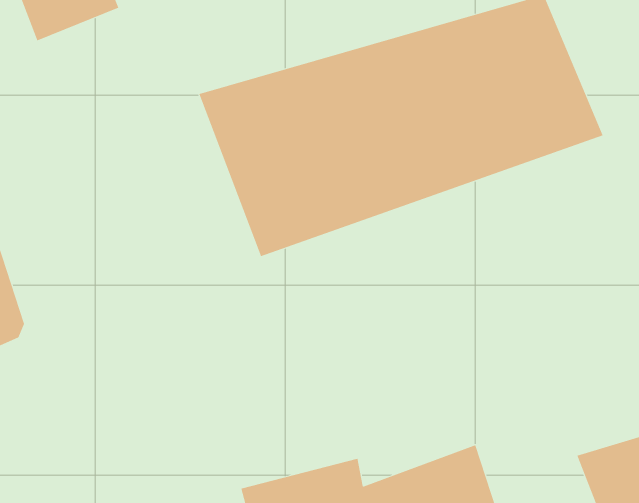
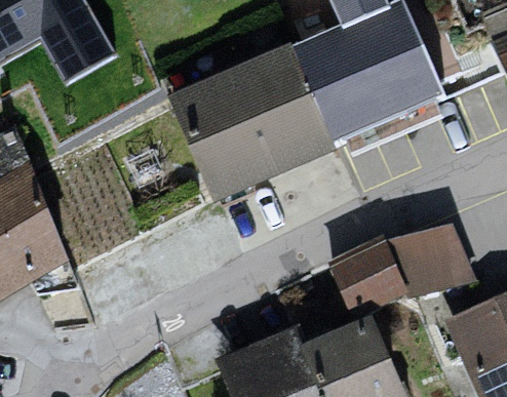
building: none -> [323,229,472,315]

